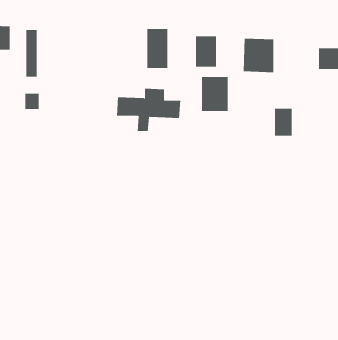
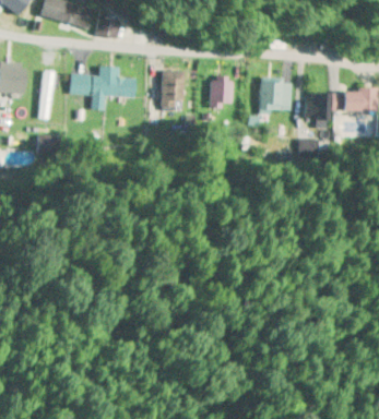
building: [201,76,228,112] -> none
building: [116,88,181,131] -> [70,64,135,108]
building: [274,108,292,136] -> [307,91,325,119]

